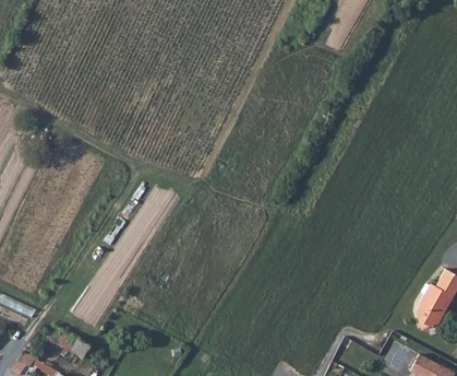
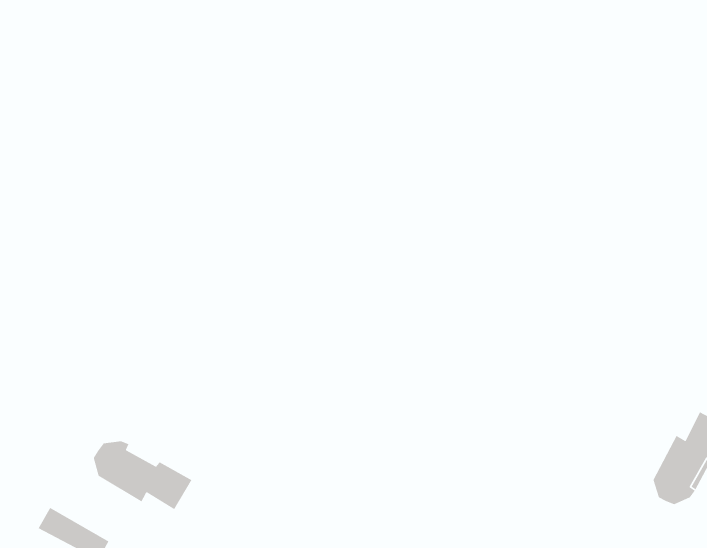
building: none -> [93,440,192,510]

